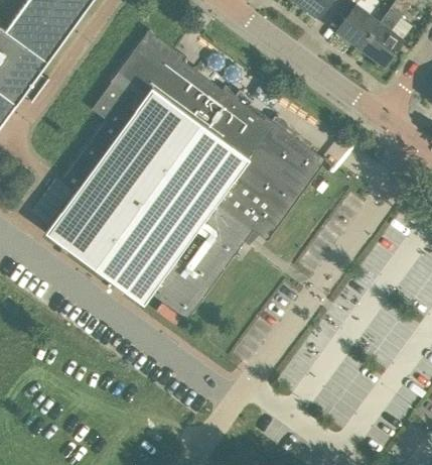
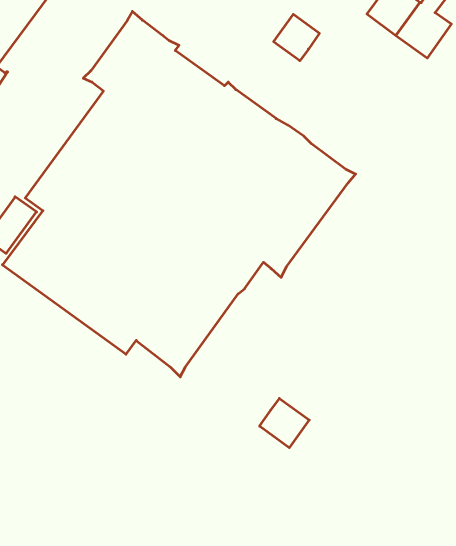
building: none -> [274,14,319,61]
building: none -> [260,398,309,448]

